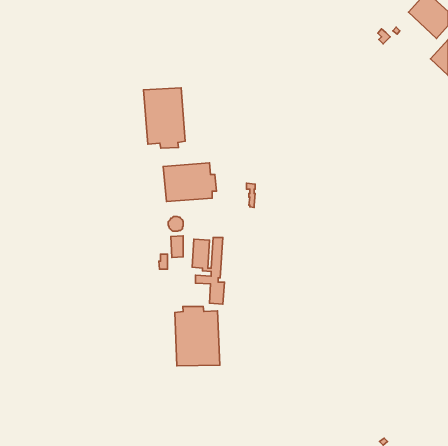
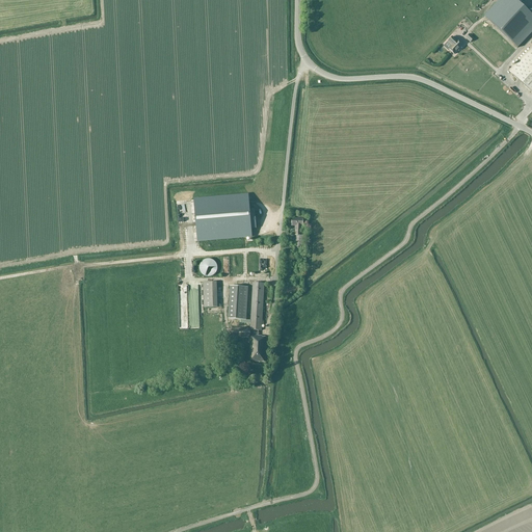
building: [144,88,185,148] -> none
building: [175,306,220,366] -> none

